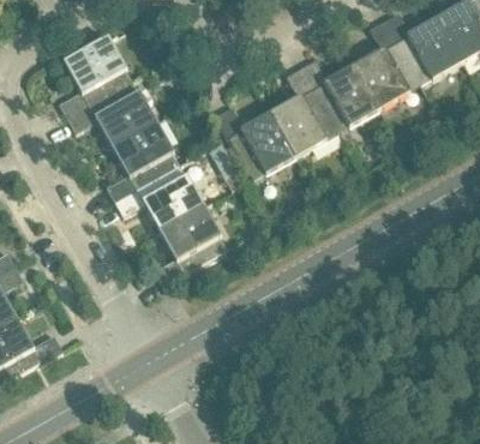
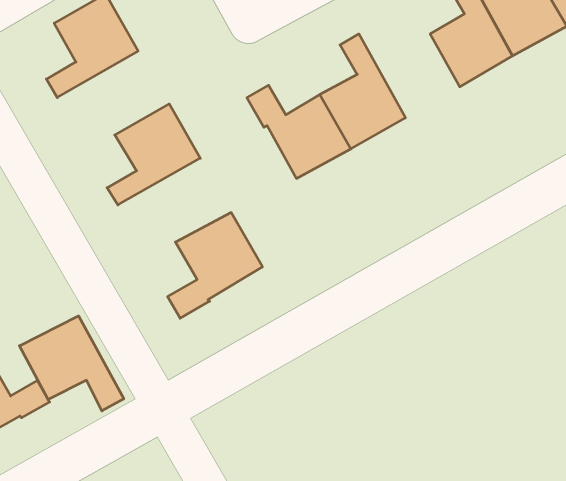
building: [300,58,378,131] -> none
building: [67,79,154,144] -> none
building: [114,162,202,227] -> none
building: none -> [19,316,124,411]

